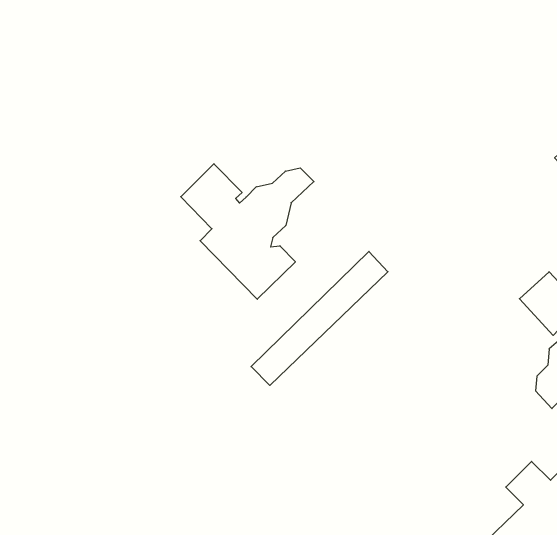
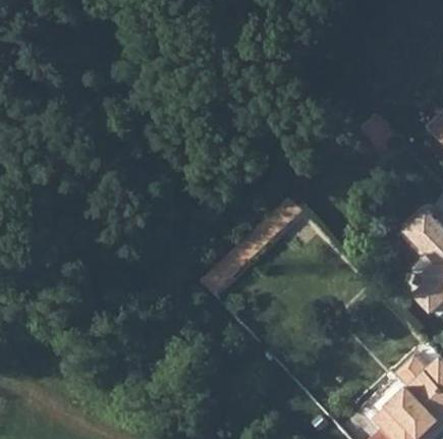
building: [181,164,314,299] -> none

